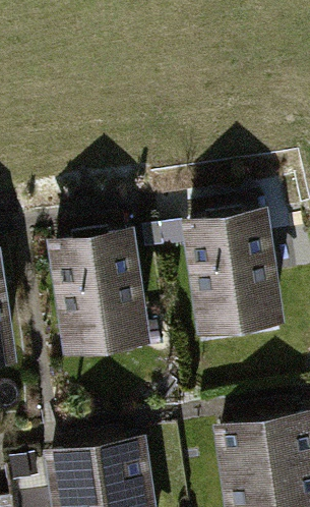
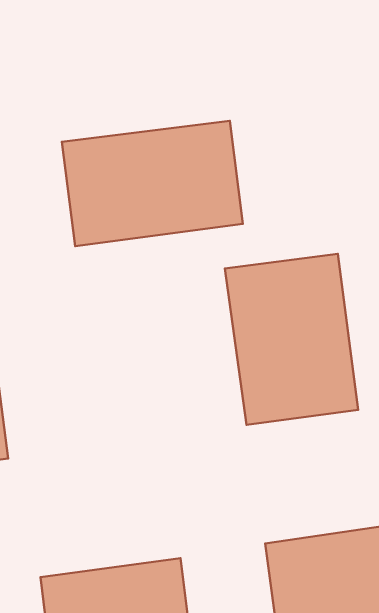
building: none -> [62,121,243,246]
building: [49,229,149,357] -> none

